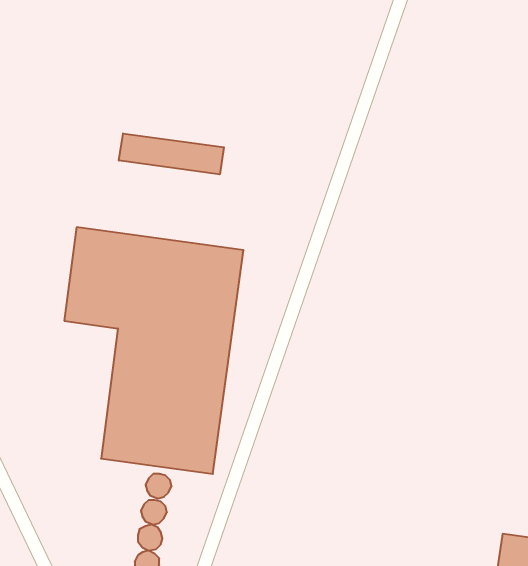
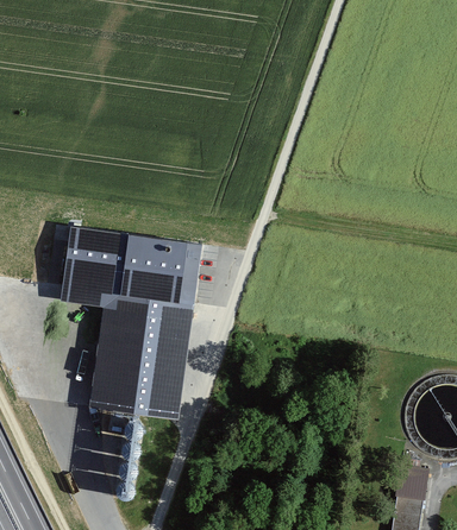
building: [119,133,224,174] -> none

